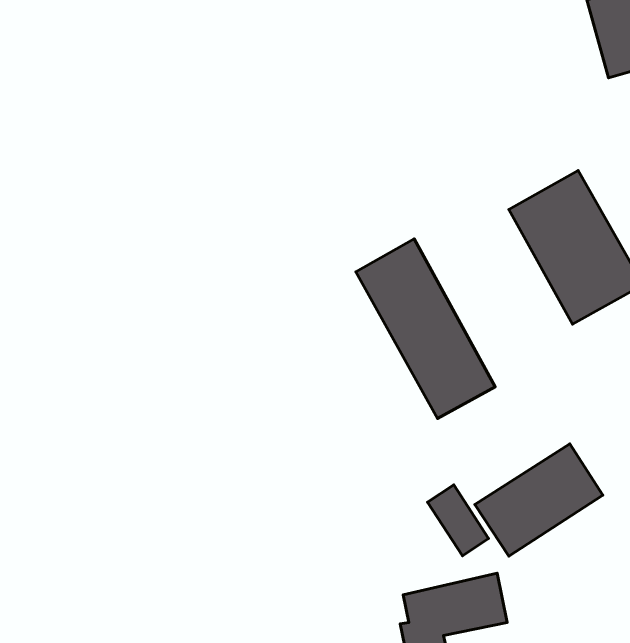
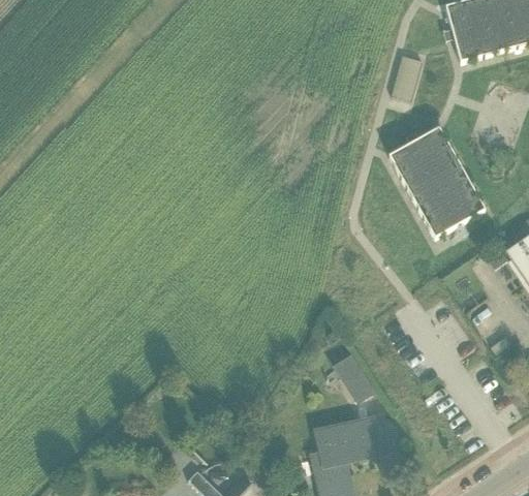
building: [356,239,495,418] -> none
building: [475,444,603,556] -> none

